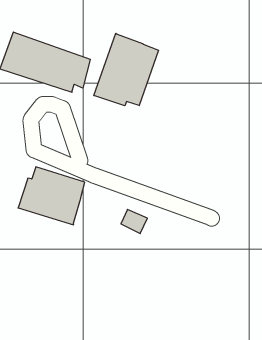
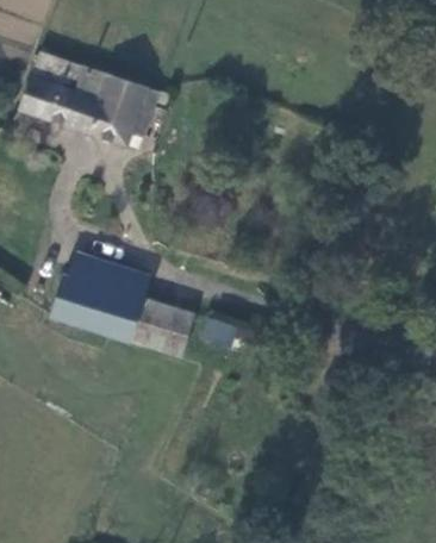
building: [94,33,158,106] -> none
building: none -> [132,297,195,351]

